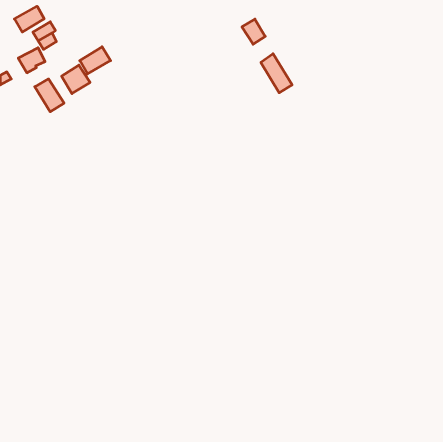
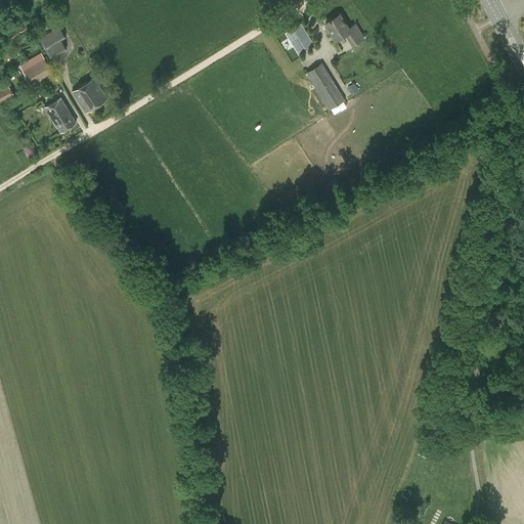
building: [14,6,44,32] -> none
building: none -> [325,13,363,44]
building: [80,47,111,74] -> none

